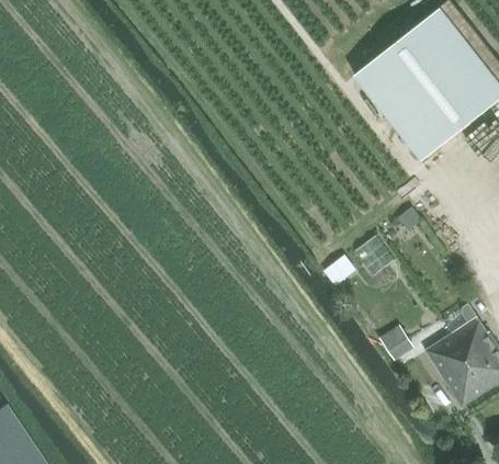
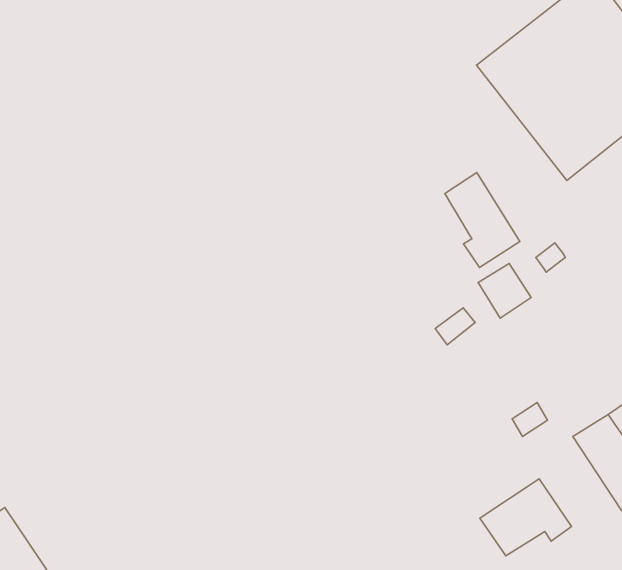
building: none -> [445,172,520,268]
building: none -> [480,479,572,556]

